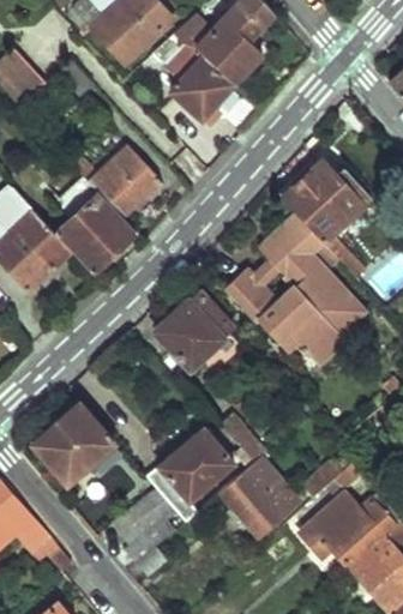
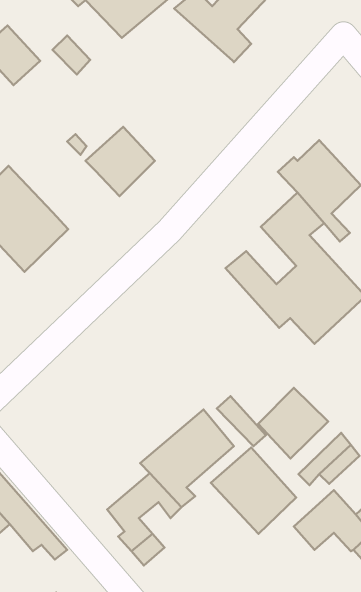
building: [156,31,235,125] -> none
building: [58,191,136,270] -> none
building: [160,293,237,369] -> none
building: [34,403,115,494] -> none
building: none -> [258,388,328,458]

